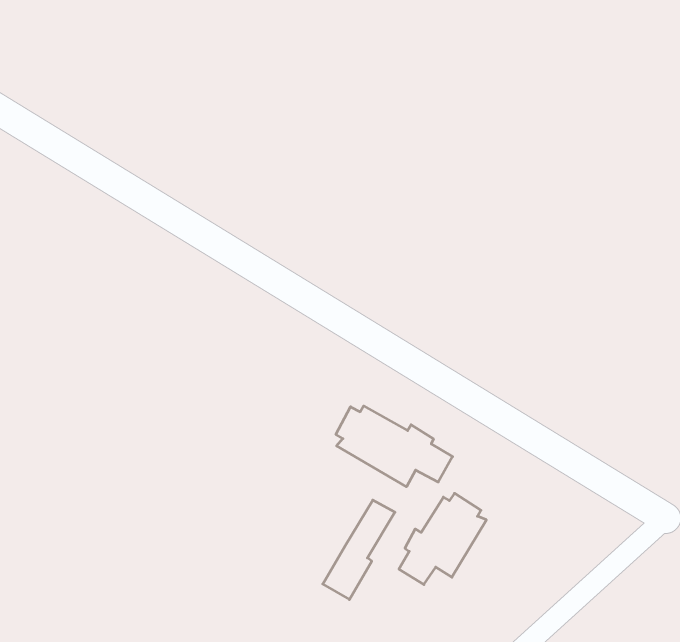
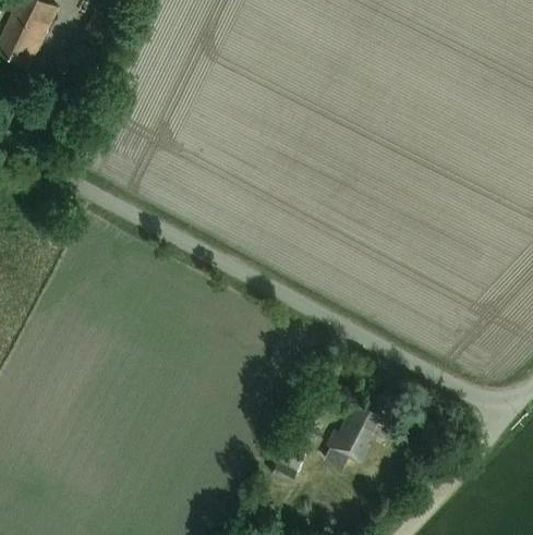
building: [336,406,453,487] -> none

